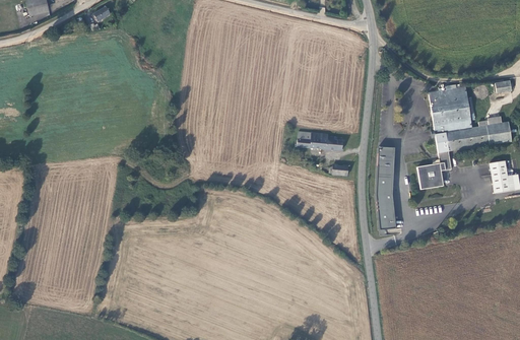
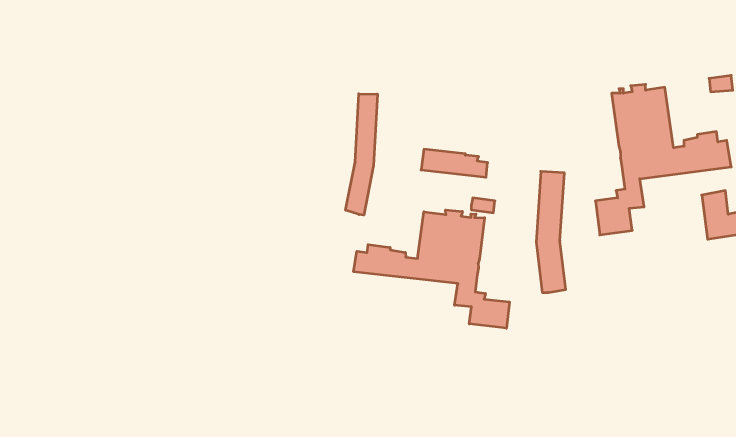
building: none -> [346,94,377,215]
building: none -> [354,210,509,328]

